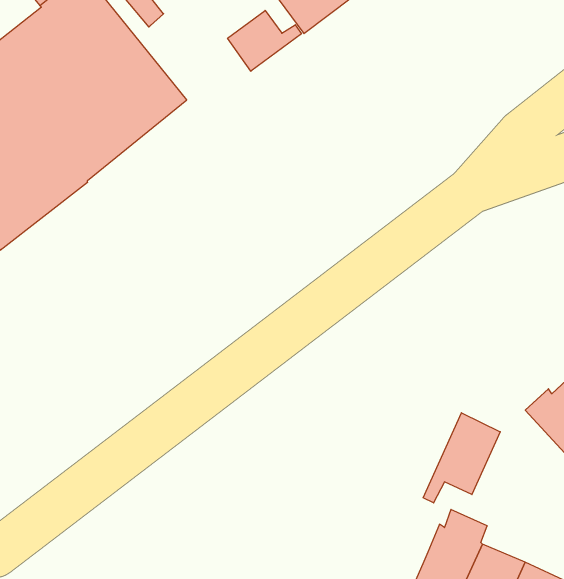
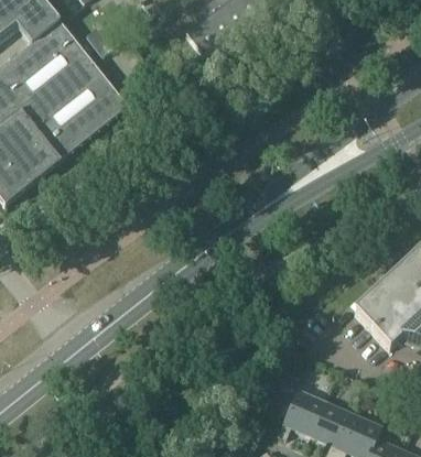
building: [228,10,302,71] -> none
building: [423,413,500,503] -> none

